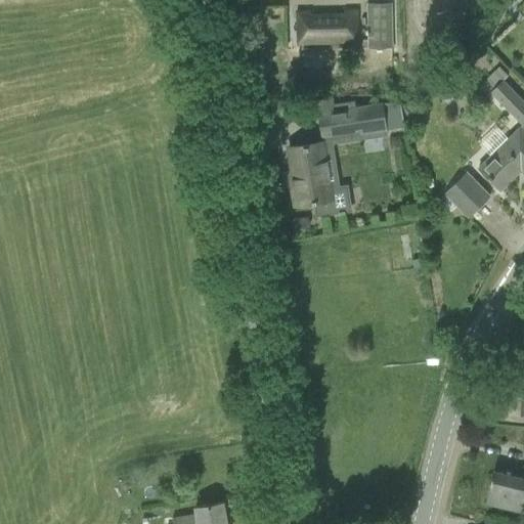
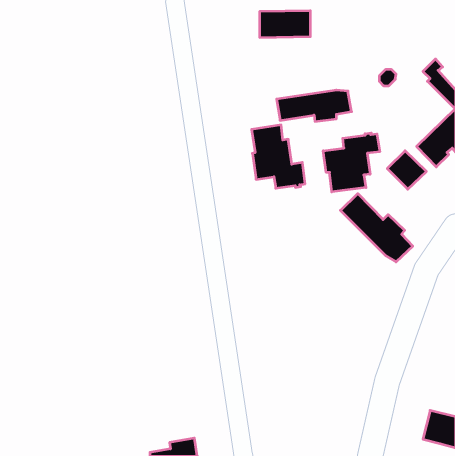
building: [367,4,393,48] -> none
building: none -> [323,133,380,192]
building: none -> [340,194,413,262]

